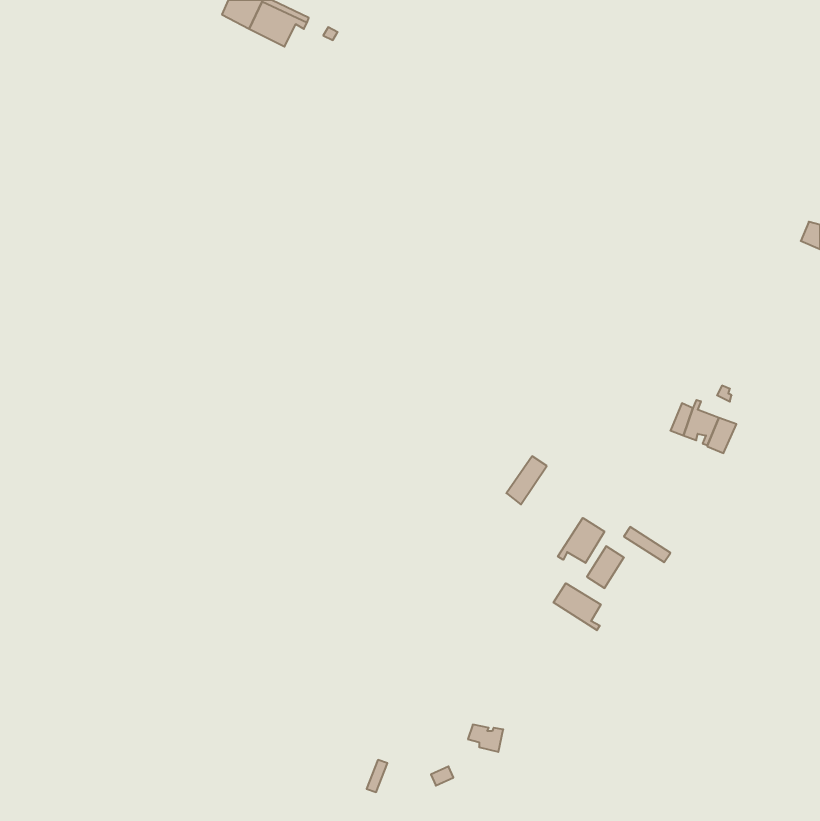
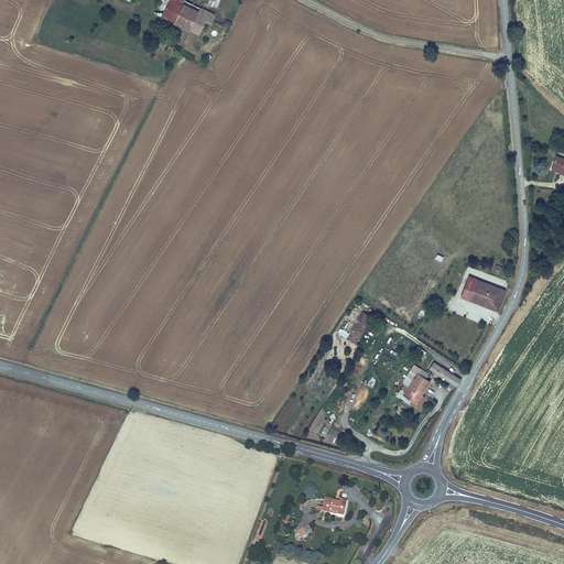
building: [558,518,604,563] -> none
building: [554,583,601,630] -> none

